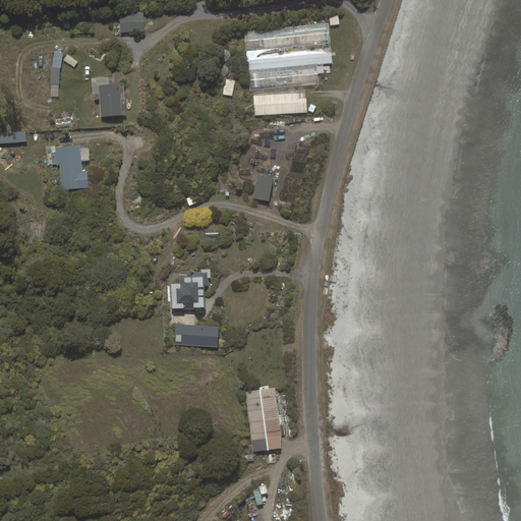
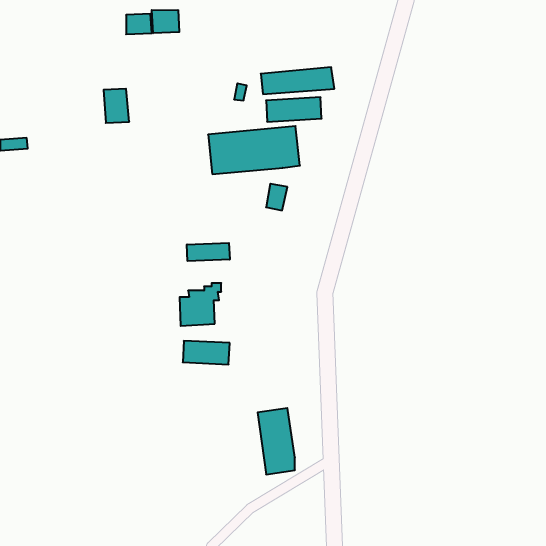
building: none -> [152,10,179,33]
building: [244,24,332,70] -> [208,126,300,174]
building: [51,146,90,191] -> none
building: none -> [187,243,230,261]

